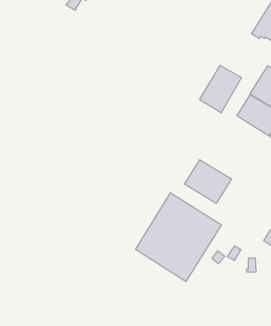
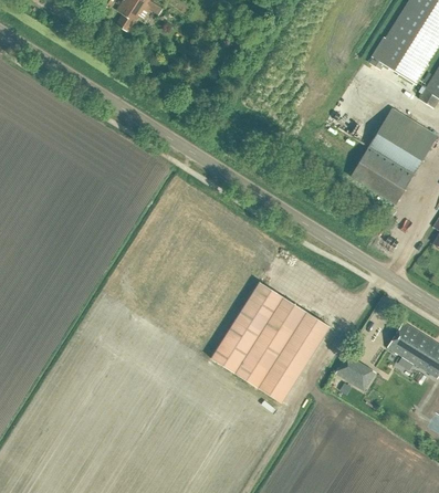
building: [200,65,241,113] -> none
building: [185,160,231,203] -> none

